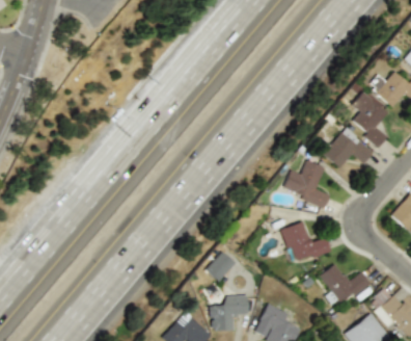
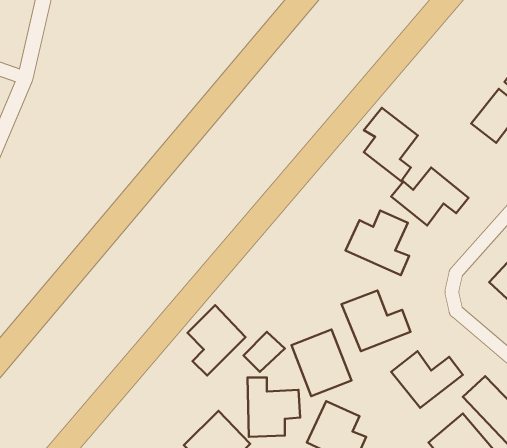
building: [351,93,391,148] -> [364,108,418,181]
building: none -> [188,305,246,375]
building: none -> [291,330,351,396]

